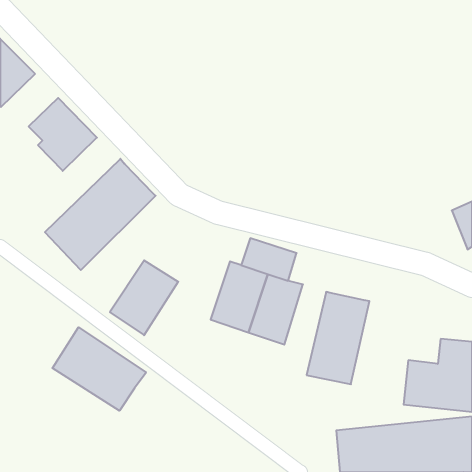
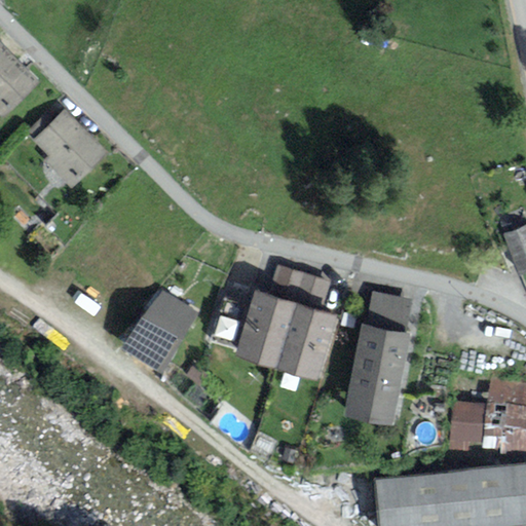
building: [45,159,156,270] -> none
building: none -> [367,292,411,334]
building: [52,327,146,411] -> none

